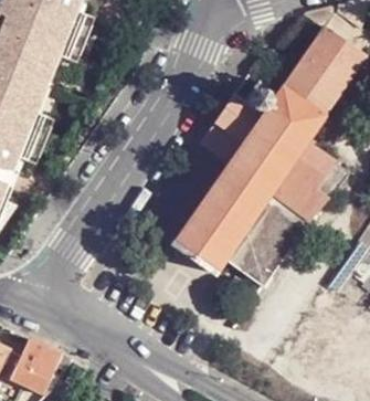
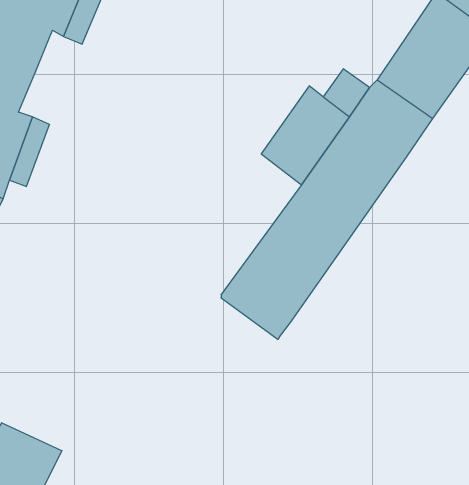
building: [222,144,343,291] -> none

